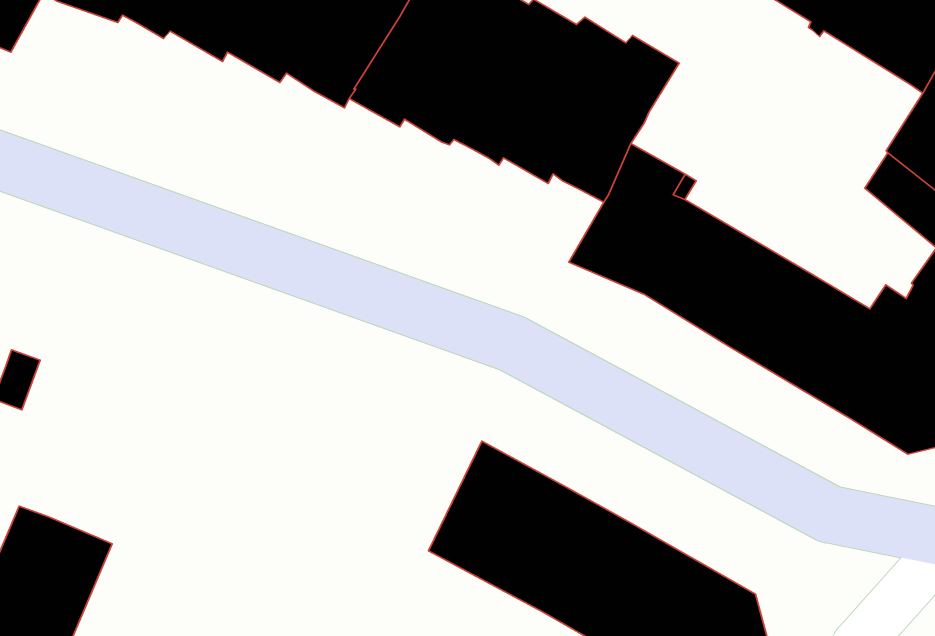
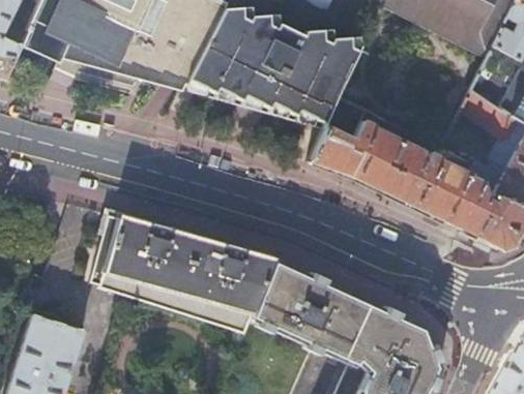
building: none -> [90,214,274,337]

